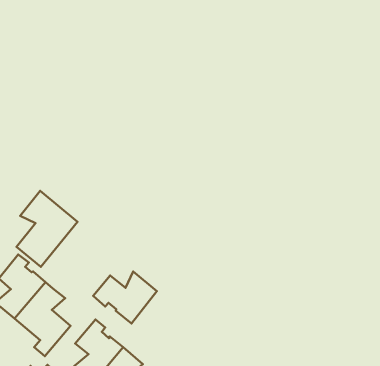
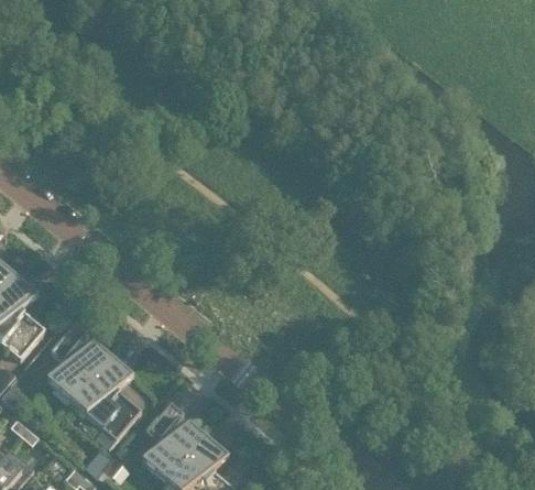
building: [16,191,77,267] -> none
building: [93,271,157,323] -> none

